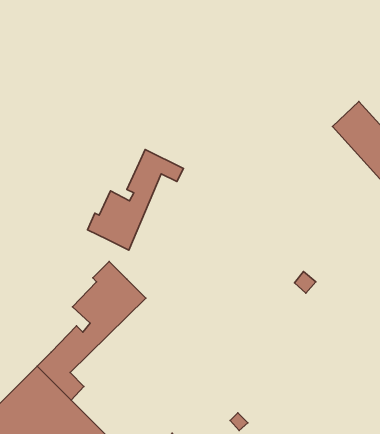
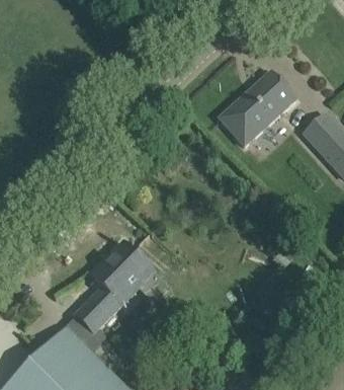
building: none -> [220,70,296,144]
building: [88,149,183,250] -> none

